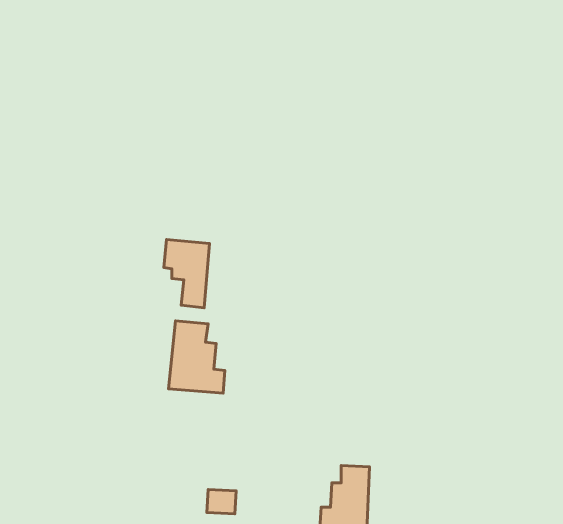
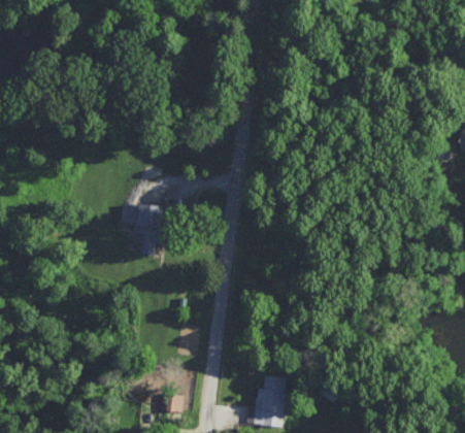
building: [169,321,225,393] -> none

